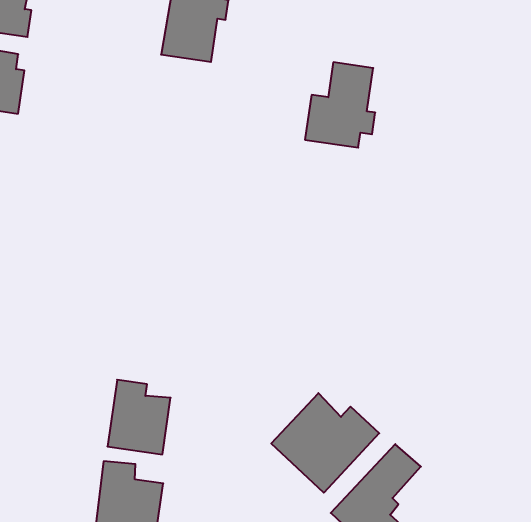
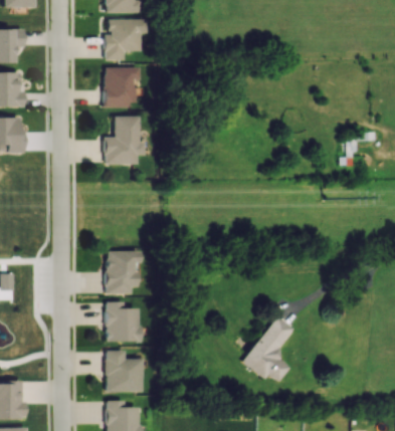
building: [305,62,375,148] -> [105,116,144,164]
building: none -> [106,250,138,294]
building: [271,393,379,493] -> none

